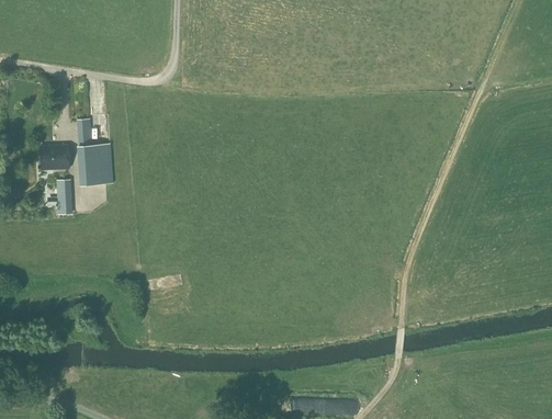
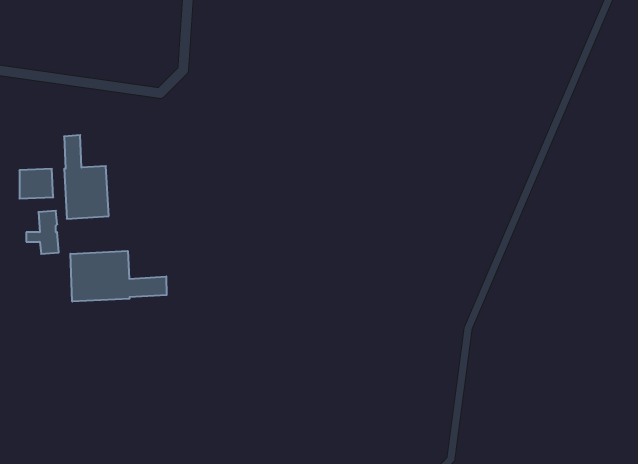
building: none -> [70,251,167,302]

